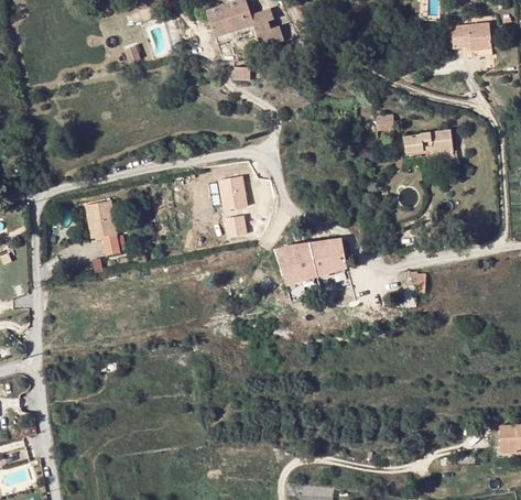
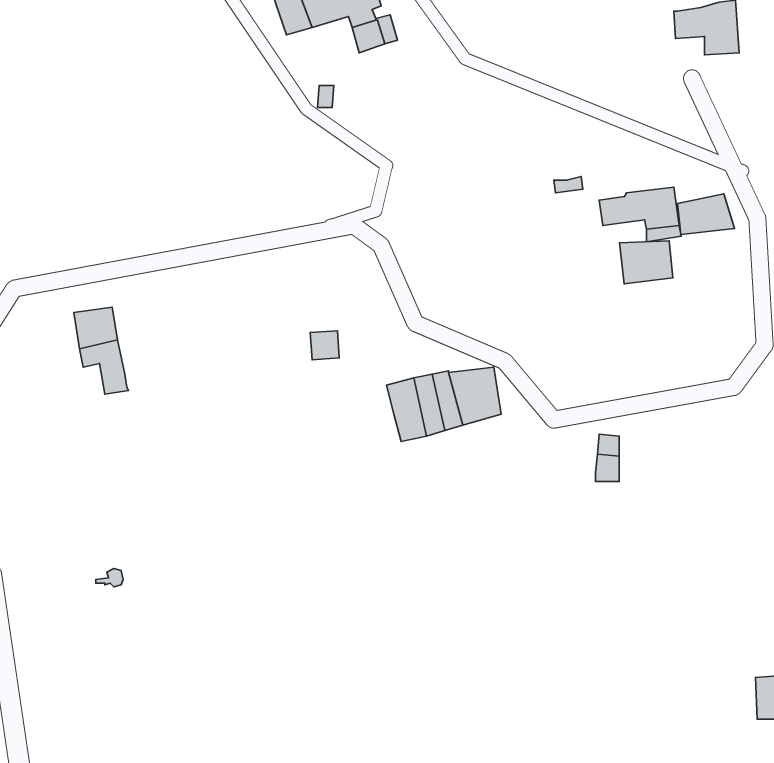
building: none -> [677,194,735,235]
building: none -> [620,241,673,284]
building: [224,176,247,205] -> none

